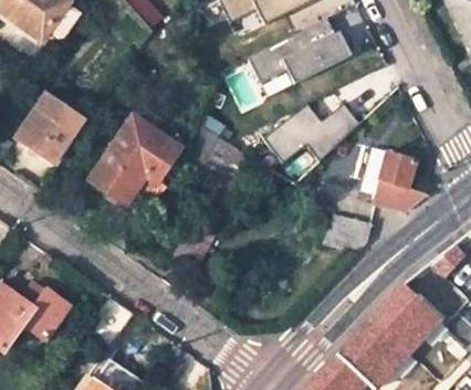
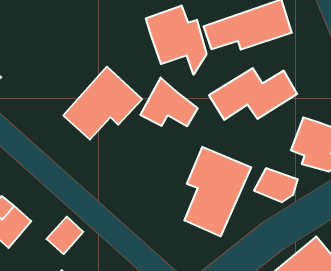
building: none -> [146,5,206,75]
building: [19,95,74,162] -> none
building: none -> [184,147,251,236]

